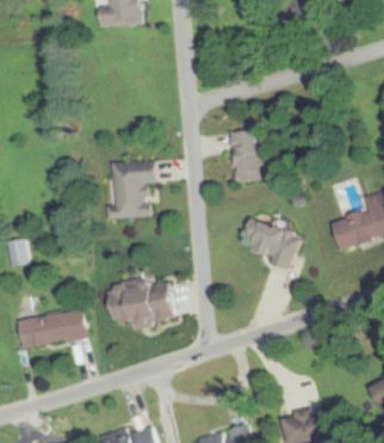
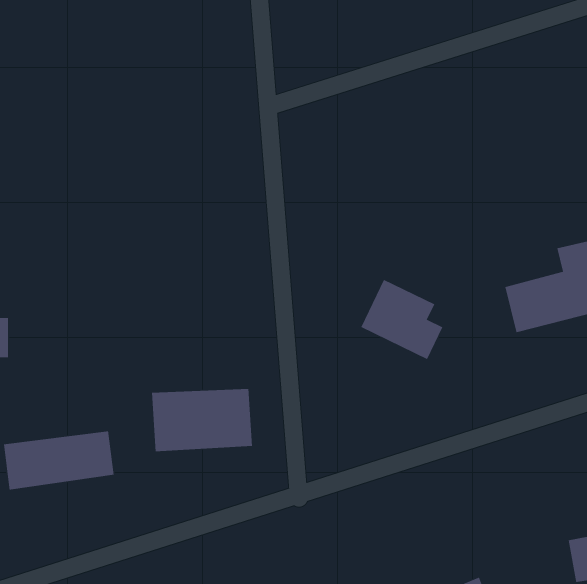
building: [228,131,252,183] -> none
building: [109,161,154,219] -> none

